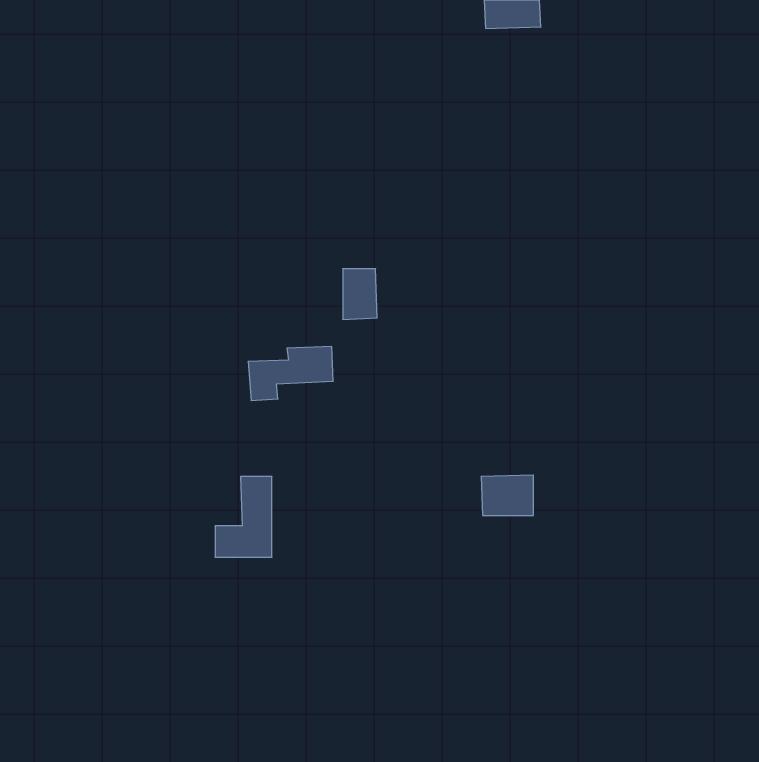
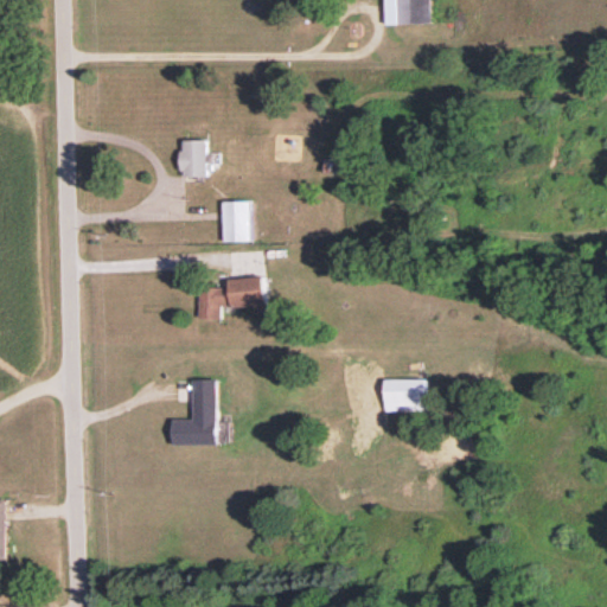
building: none -> [181,139,207,177]
building: [343,269,377,319] -> [223,200,250,241]

